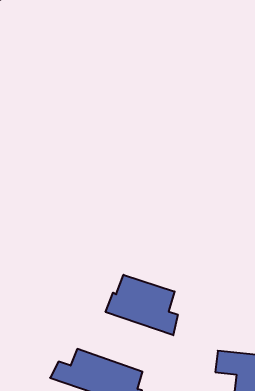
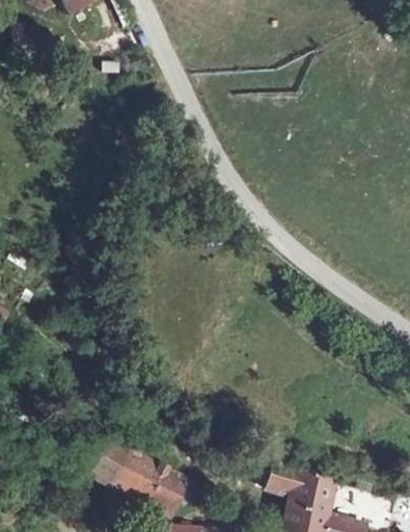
building: [106,275,178,335] -> none

